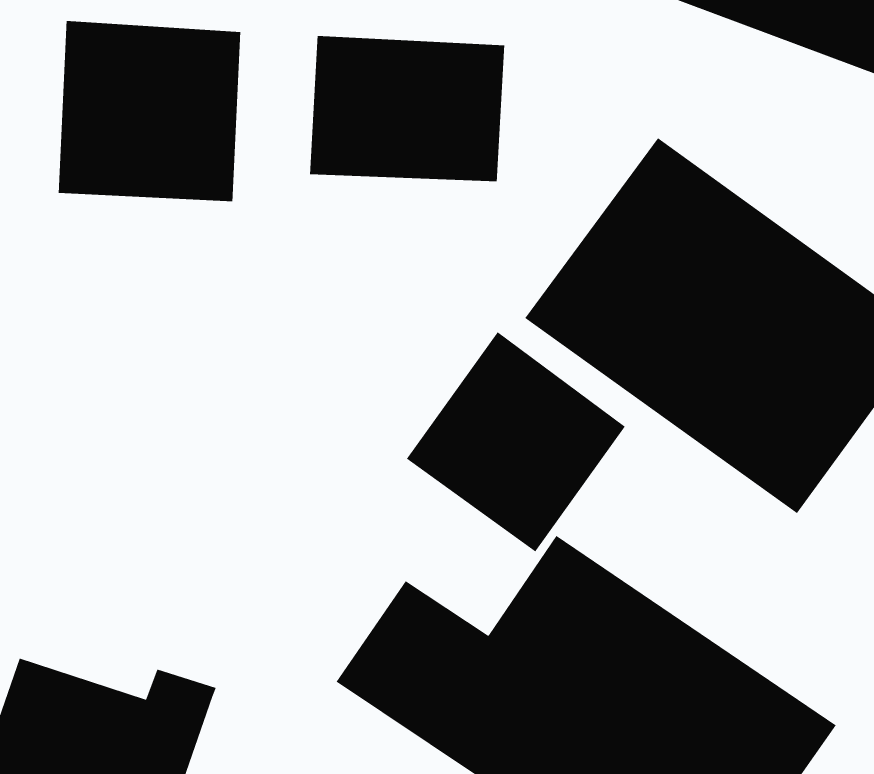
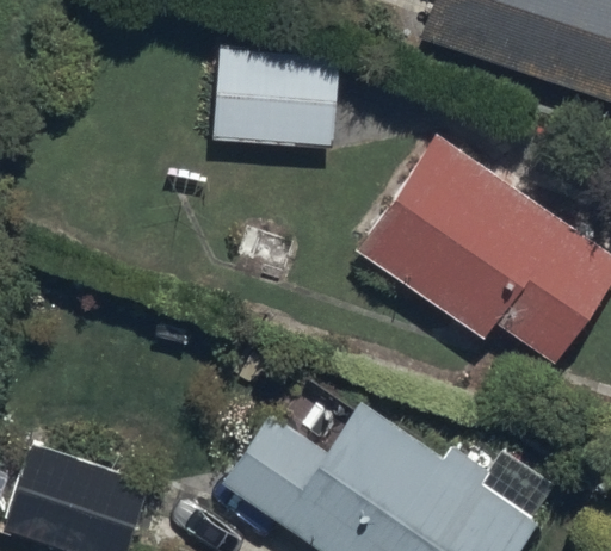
building: [58,20,241,202] -> none
building: [406,331,626,552] -> none

